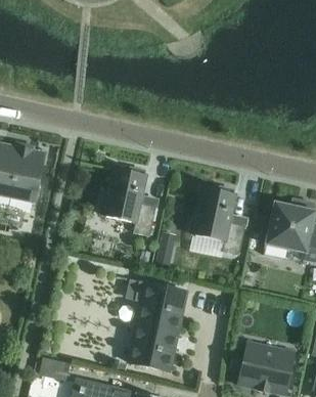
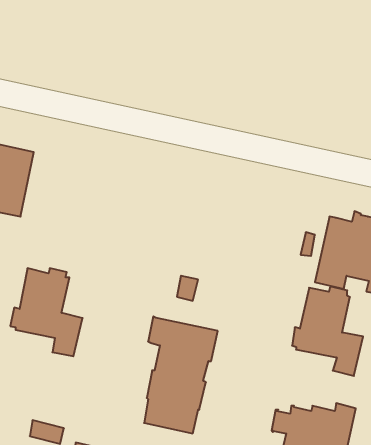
building: [100,168,156,236] -> [10,268,83,356]
building: [190,186,245,256] -> [292,287,363,376]

